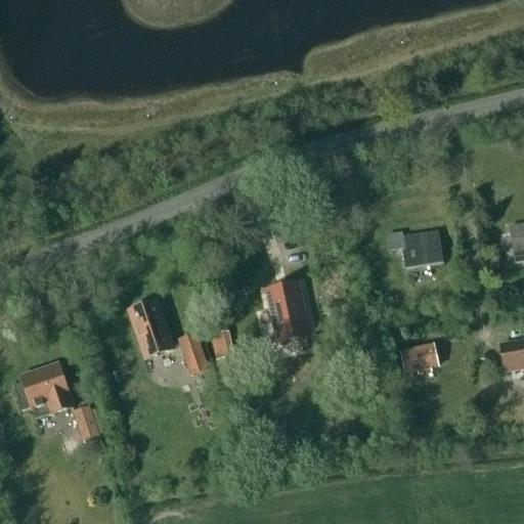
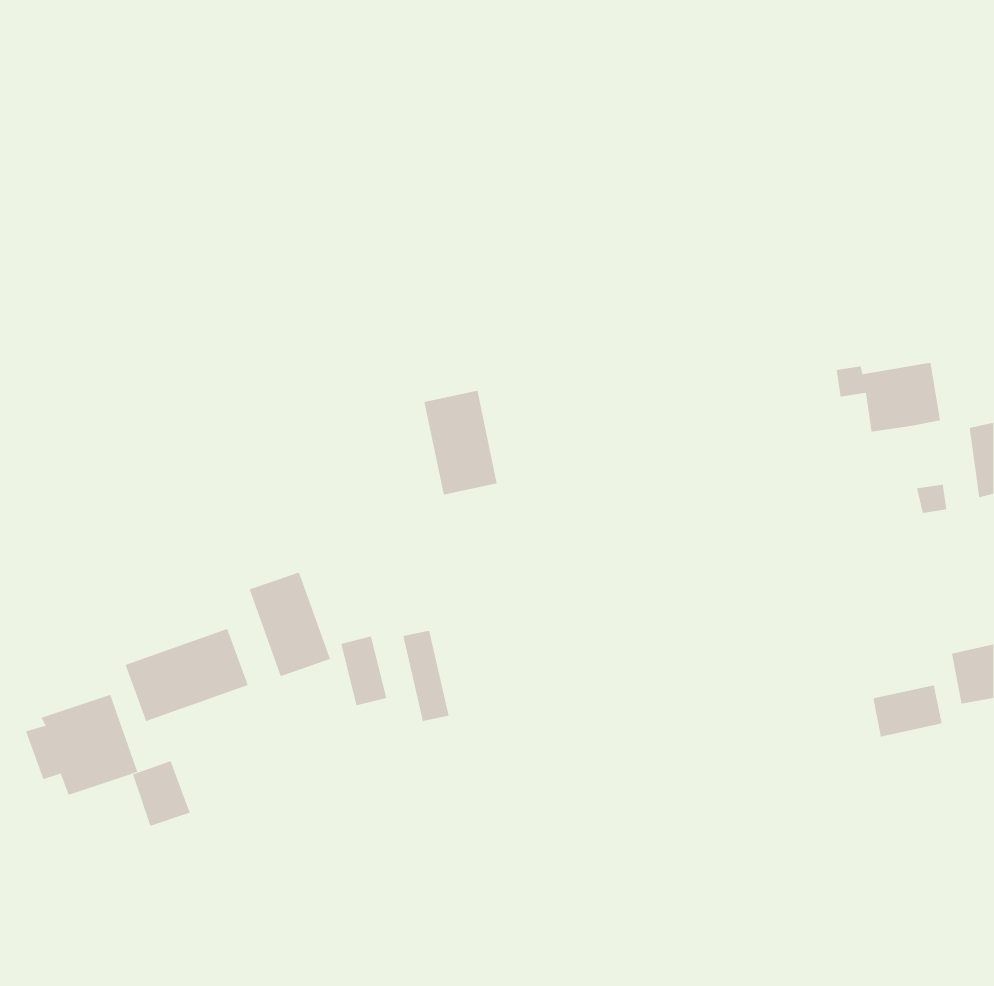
building: [388,230,443,267] -> [836,362,941,432]
building: [268,285,307,340] -> [424,390,497,495]
building: none -> [125,628,248,722]
building: [401,344,438,372] -> [872,685,942,737]

